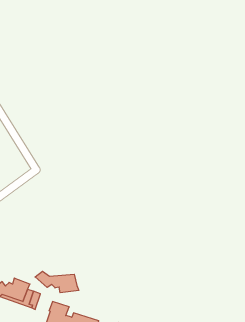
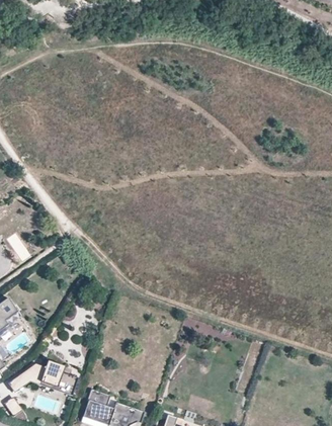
building: [35,271,79,293] -> none

